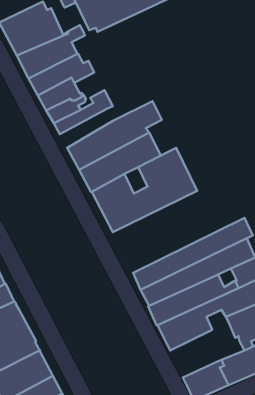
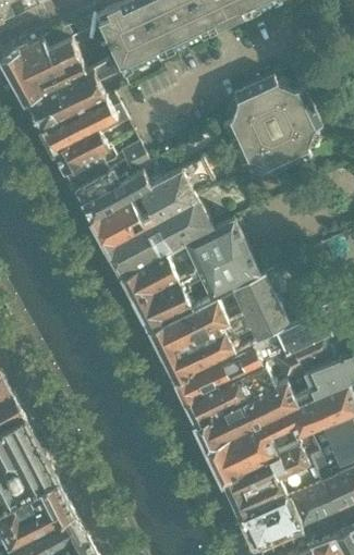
building: none -> [222,78,321,177]
building: none -> [82,170,150,220]
building: none -> [149,269,327,381]
building: none -> [224,444,320,516]

